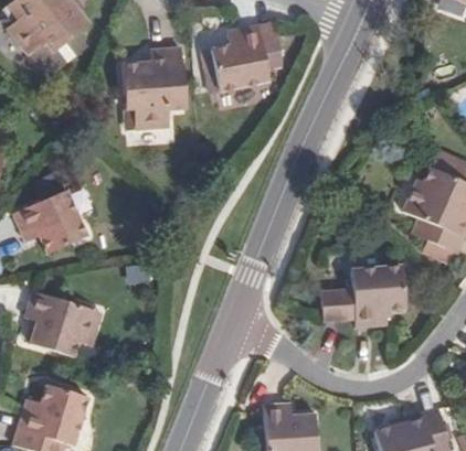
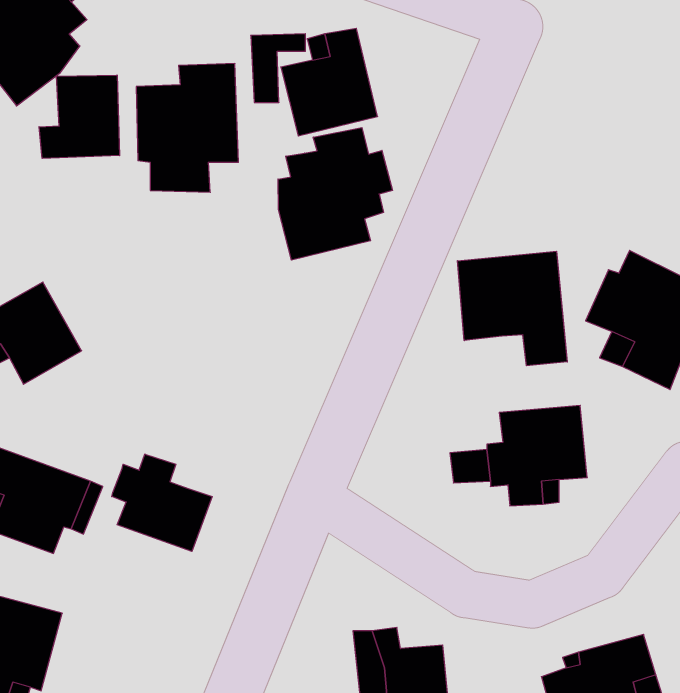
building: none -> [39,75,120,158]
building: none -> [278,128,393,260]
building: none -> [457,251,567,366]
building: none -> [112,454,212,551]

